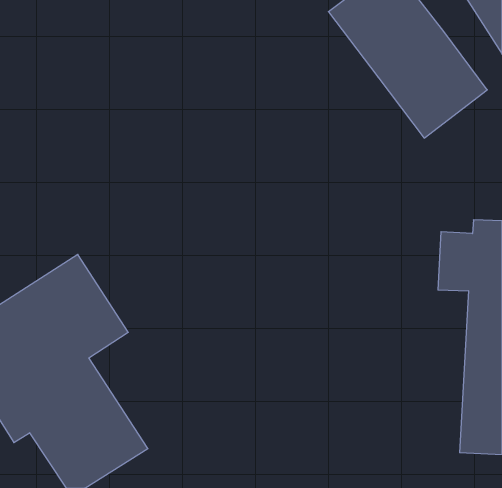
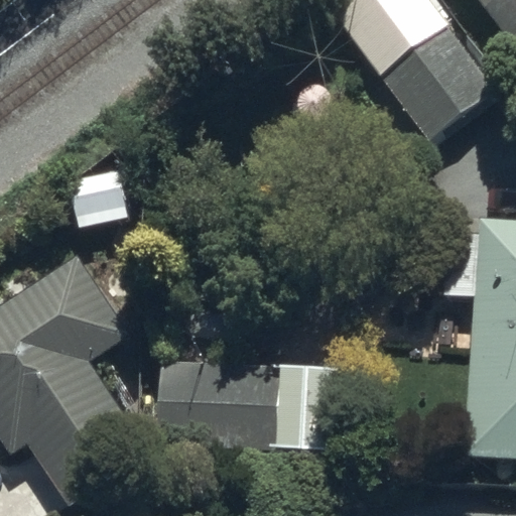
building: none -> [161,364,286,453]

